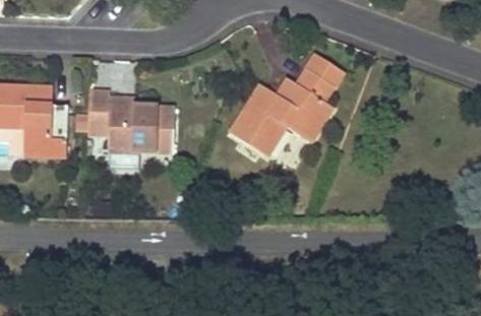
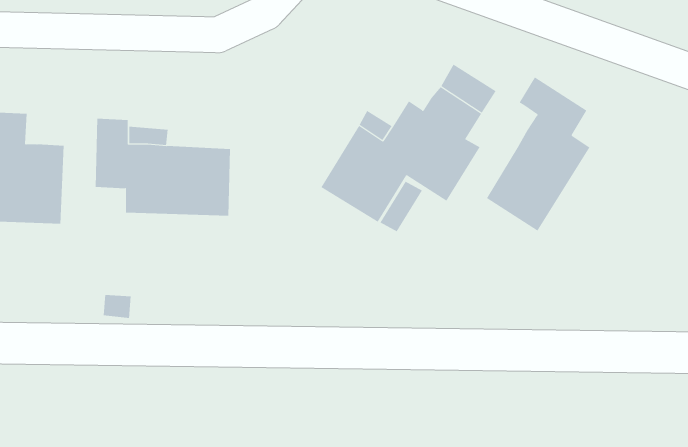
building: none -> [486,77,590,231]

